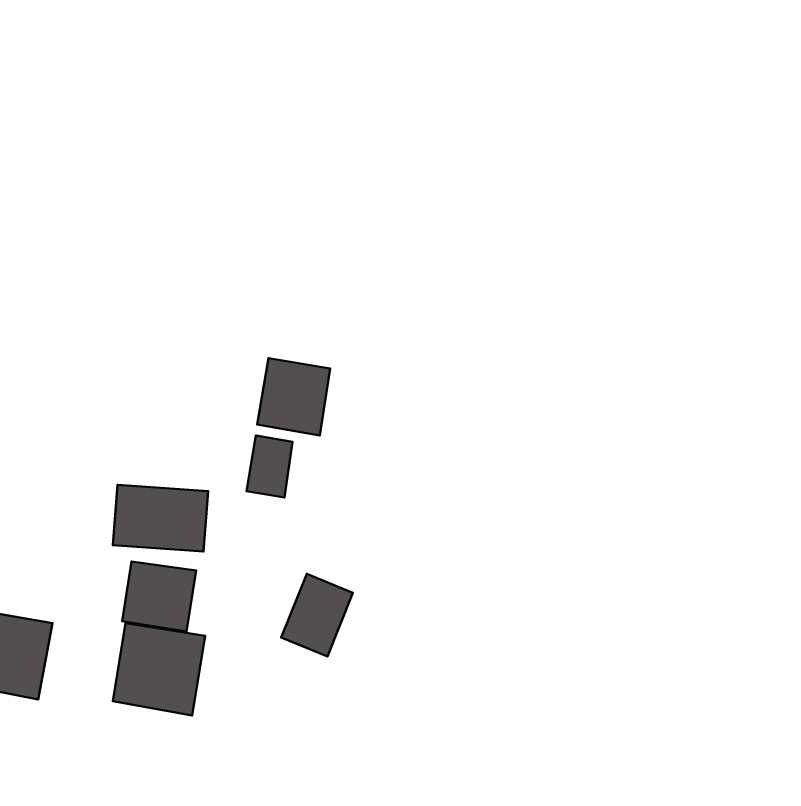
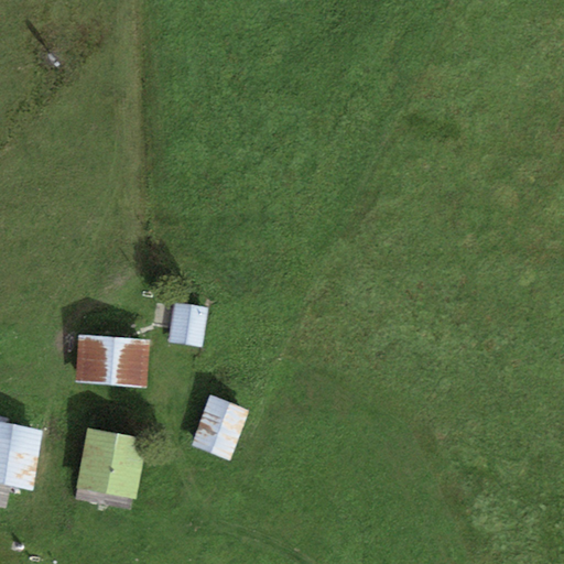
building: [257,358,330,435] -> none
building: [122,561,196,631] -> none

